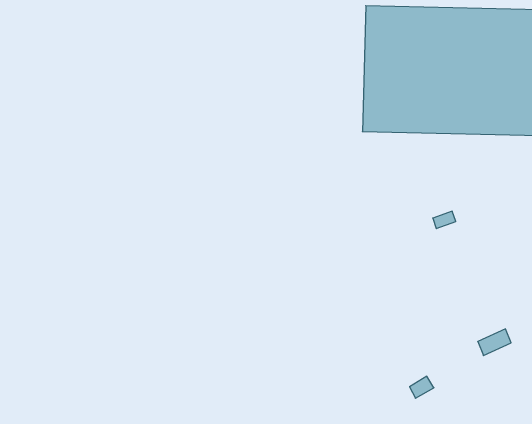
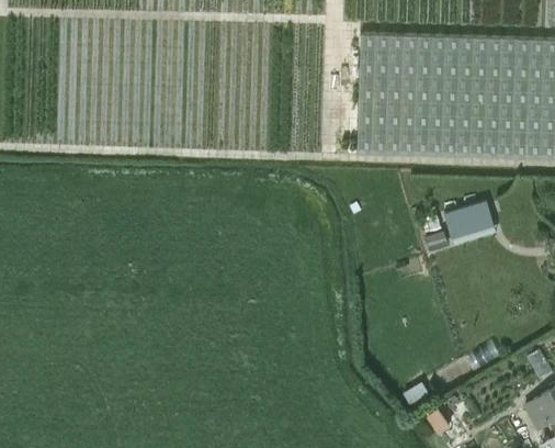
building: none -> [444,200,494,245]

